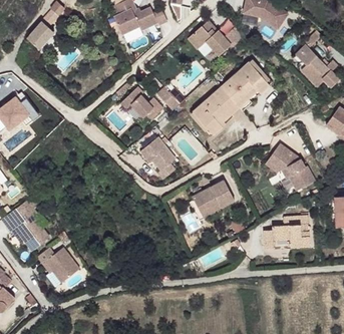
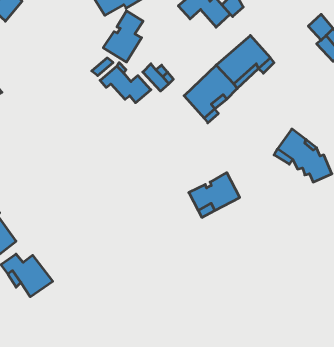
building: none -> [103,11,143,62]
building: [137,137,173,179] -> none
building: [263,217,308,249] -> none

